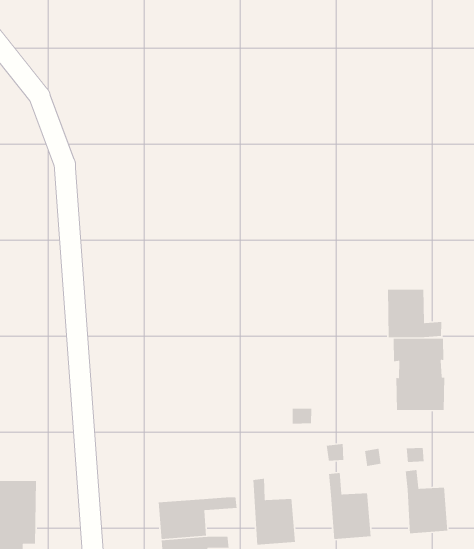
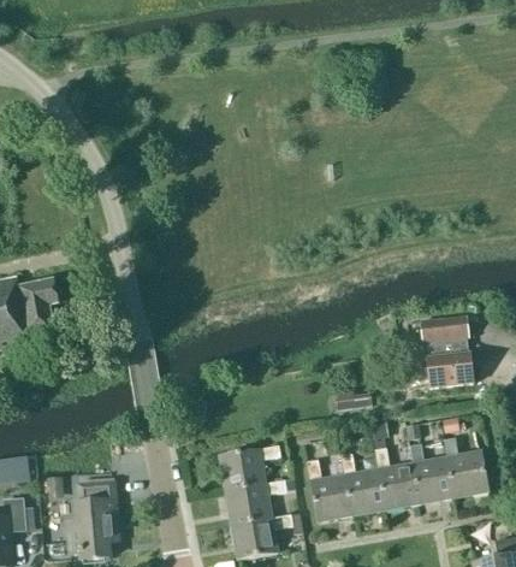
building: [387,289,442,338] -> none
building: none -> [218,445,280,490]
building: none -> [409,443,452,502]
building: none -> [340,453,385,514]

